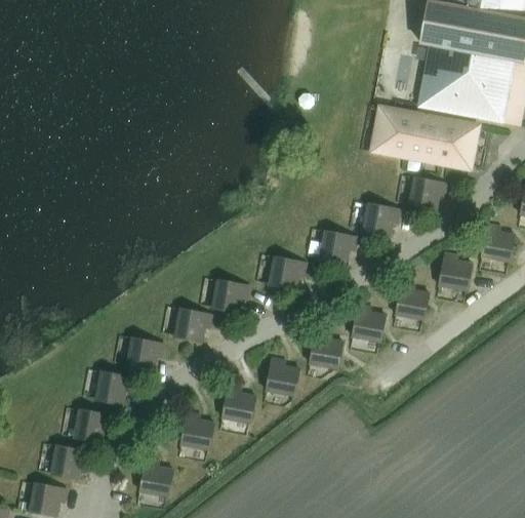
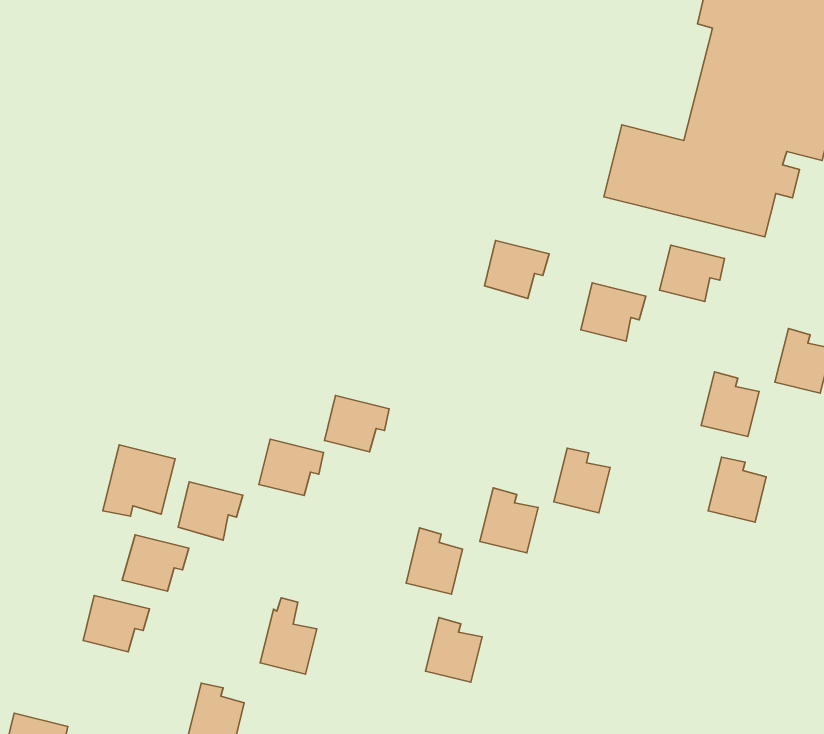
building: [319,231,357,265] -> [484,241,549,299]
building: [268,256,306,290] -> none
building: [395,282,429,320] -> [708,457,766,522]
building: none -> [103,445,175,516]
building: [221,385,254,423] -> [426,617,482,682]
building: [50,445,88,478] -> none

